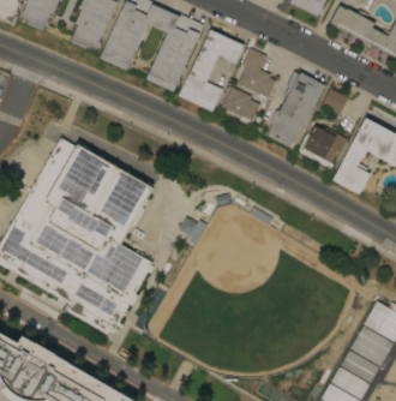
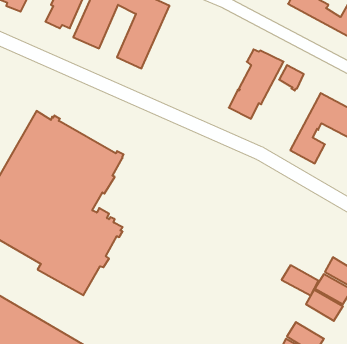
building: [179,29,245,110] -> none
building: [239,47,276,100] -> none
building: [222,85,260,124] -> none
building: [298,125,348,168] -> none
building: [340,347,379,379] -> [282,265,318,295]

